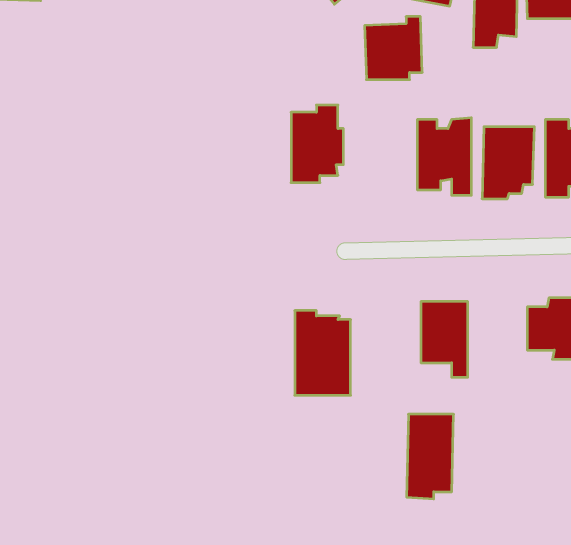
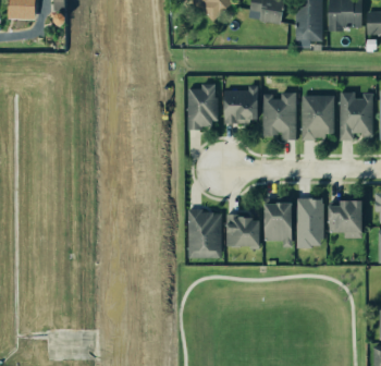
building: [365,17,422,80] -> [224,85,259,123]
building: none -> [228,214,260,247]
building: [407,414,454,499] -> [296,198,324,249]

